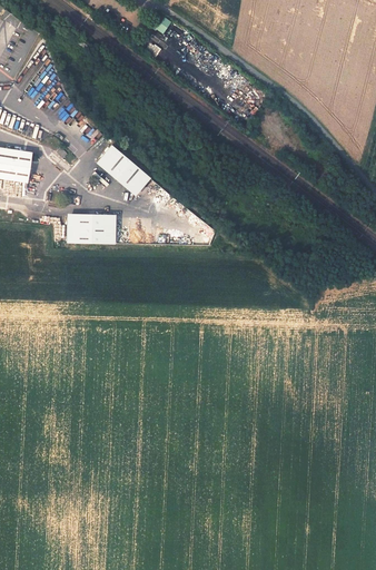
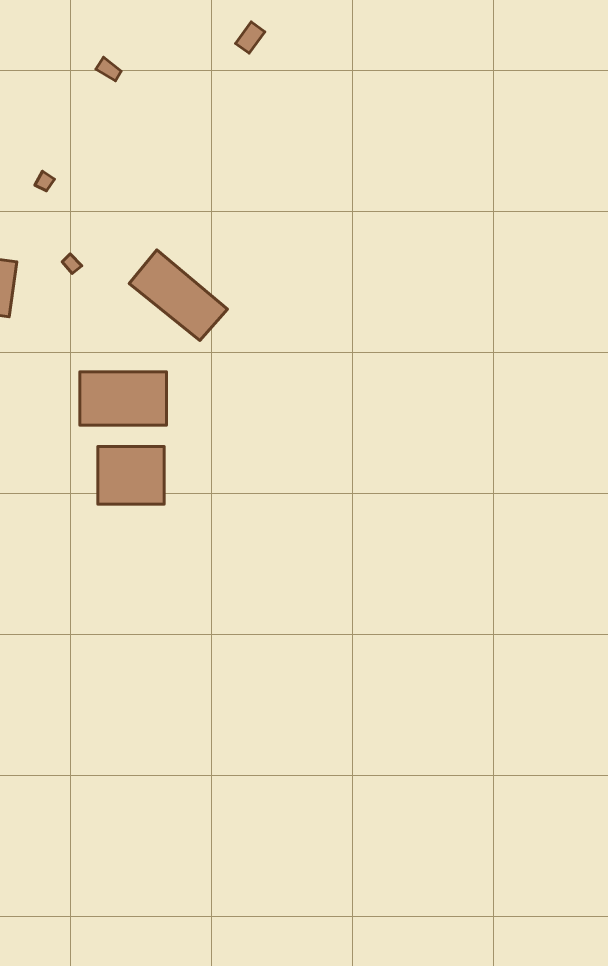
building: none -> [98,446,164,504]

